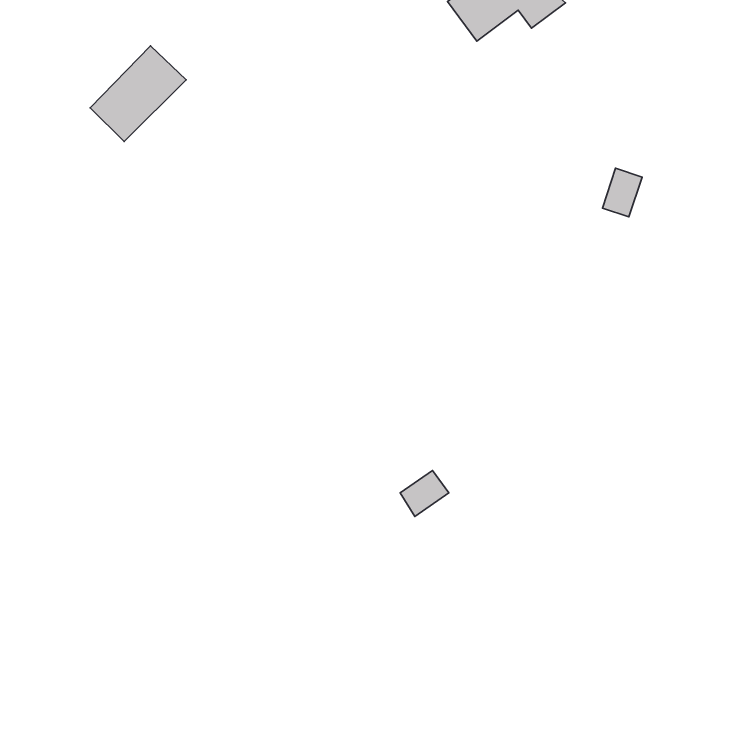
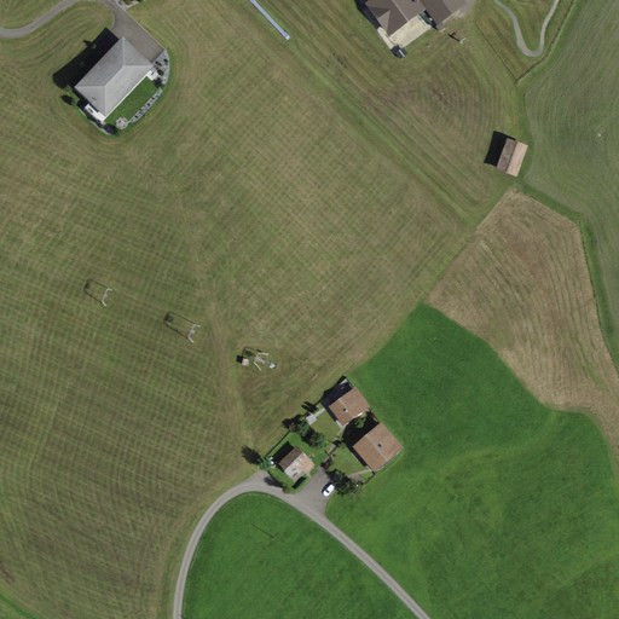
building: none -> [354,421,404,469]
building: none -> [278,446,313,480]

